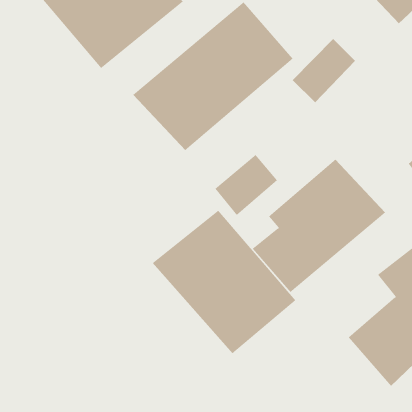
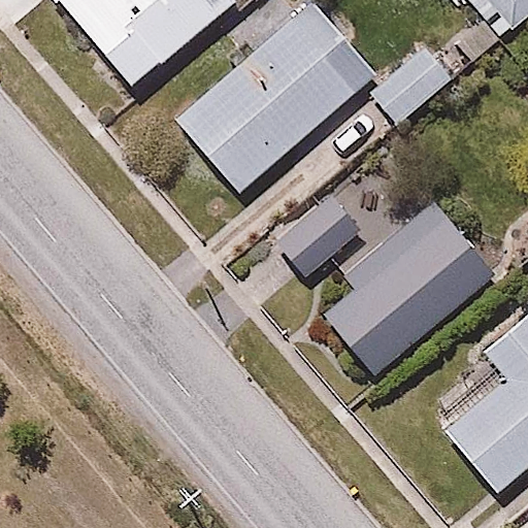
building: [152,210,296,354] -> none

